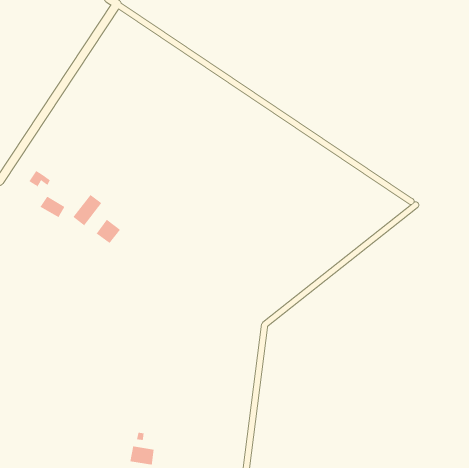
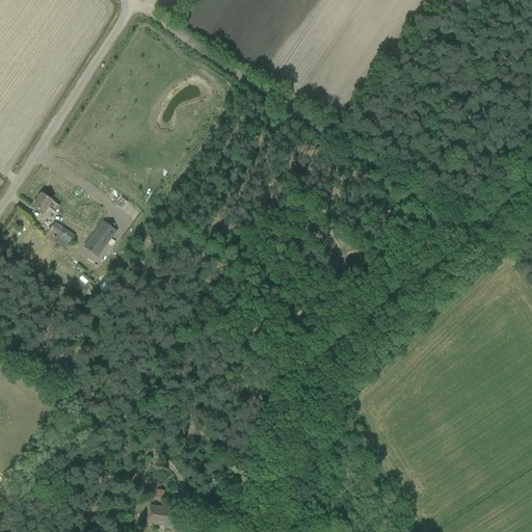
building: [96,219,121,244] -> none

